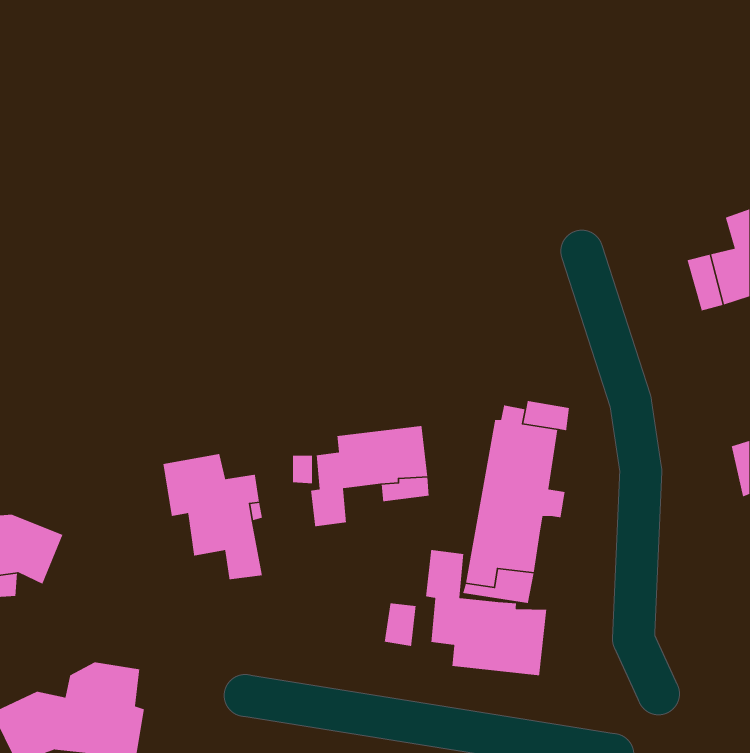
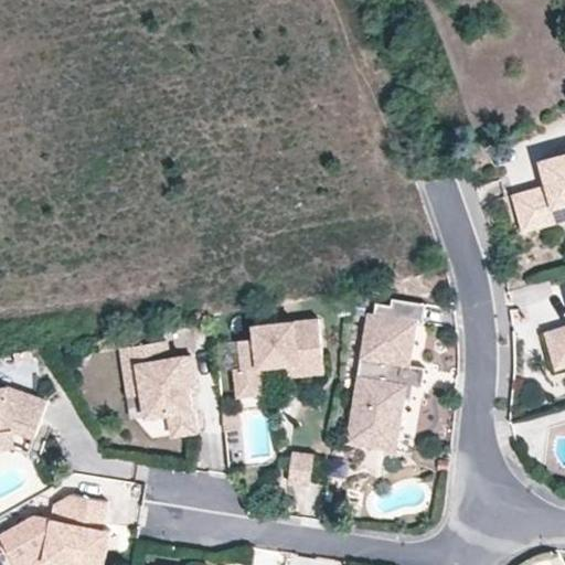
building: [425,549,547,676] -> none

